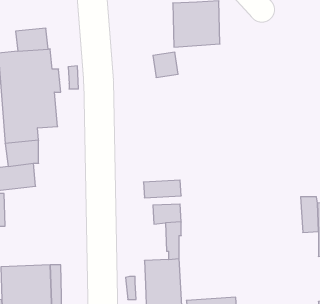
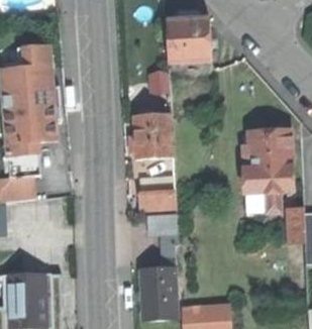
building: none -> [135,113,173,157]
building: none -> [246,130,295,213]

